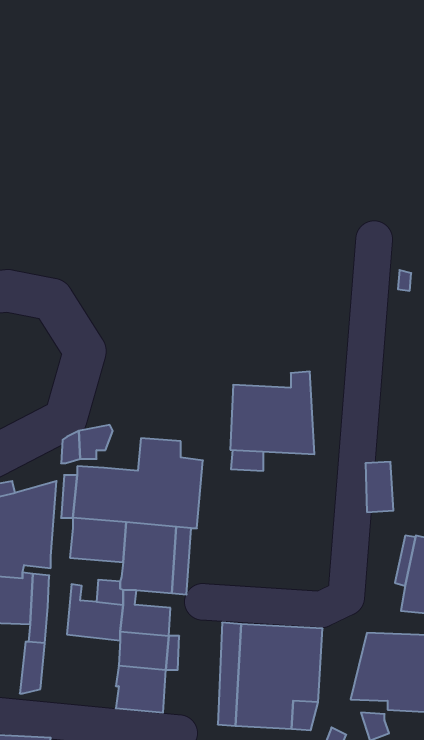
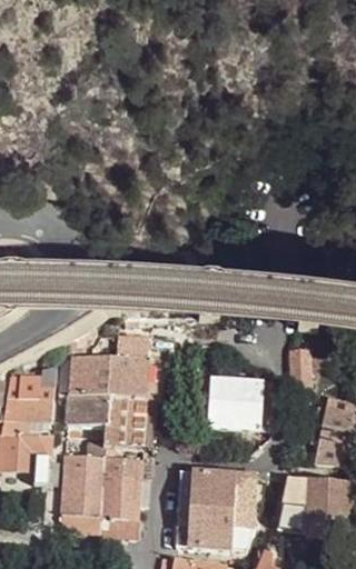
building: [230,372,314,454] -> [210,369,274,431]
building: none -> [59,480,102,536]

